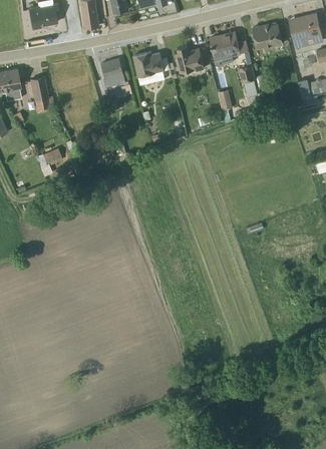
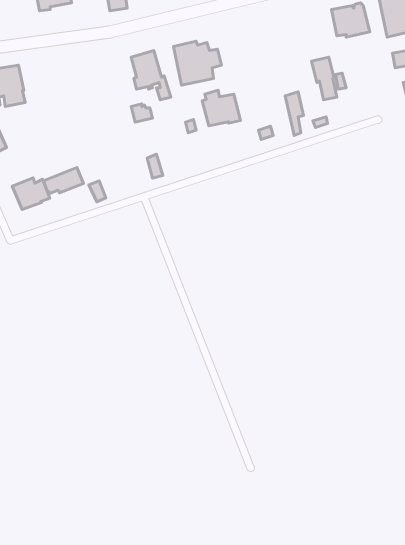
building: [210,32,248,66] -> none
building: [175,45,204,72] -> [202,90,241,126]
building: [29,75,50,113] -> none
building: none -> [12,178,50,210]

